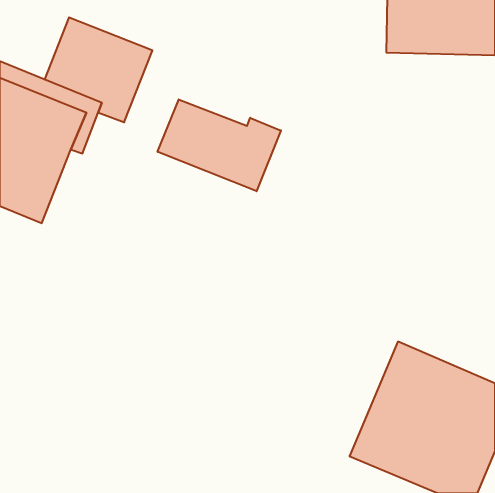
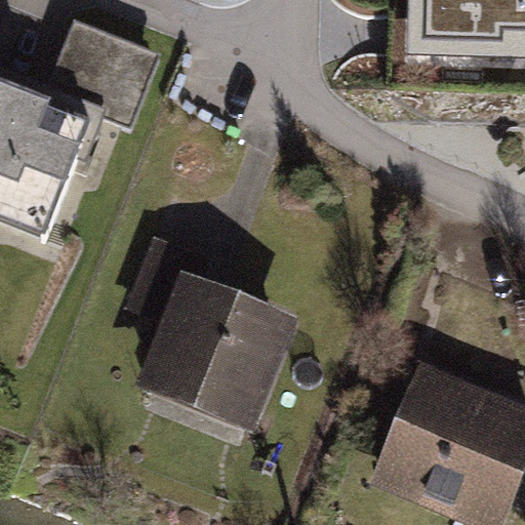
building: [158,99,281,191] -> none
building: none -> [125,237,298,433]

